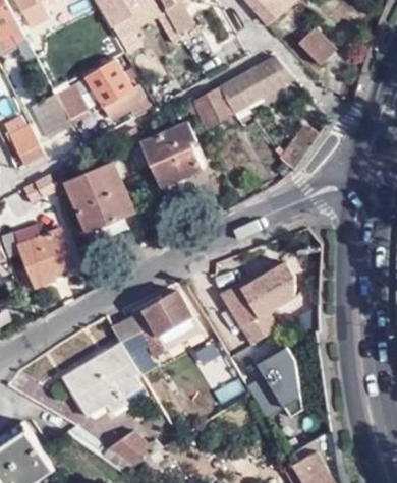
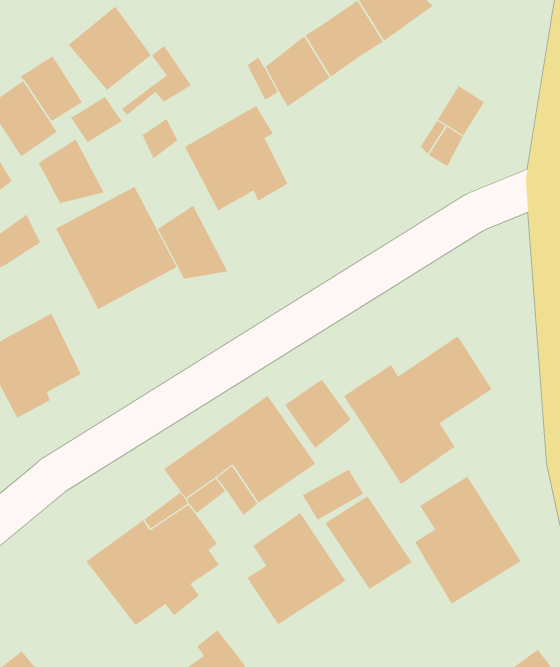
building: none -> [38,139,104,204]
building: none -> [157,205,228,280]
building: none -> [284,379,351,449]
building: none -> [247,512,346,625]

